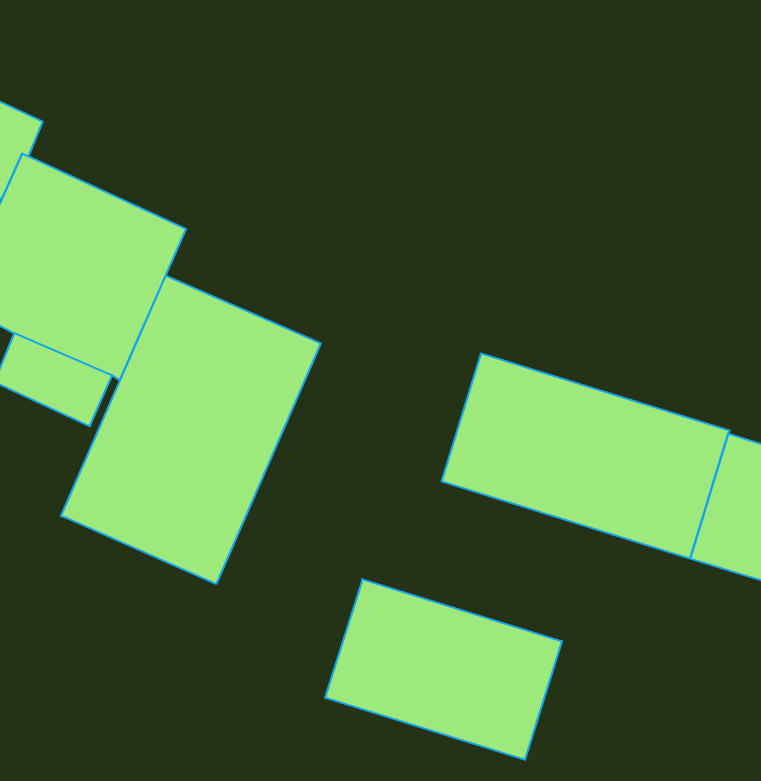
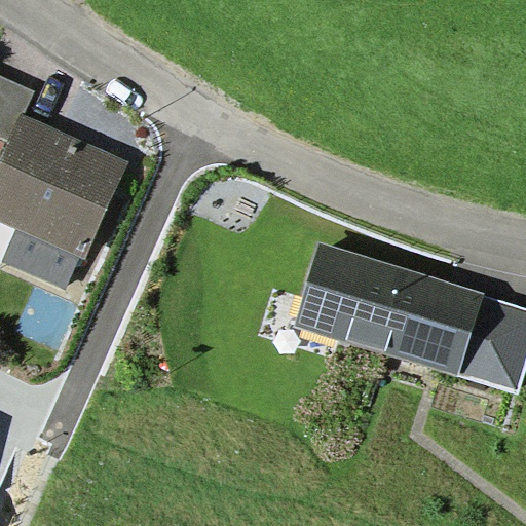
building: [61,275,321,584] -> none
building: [325,579,562,760] -> none

